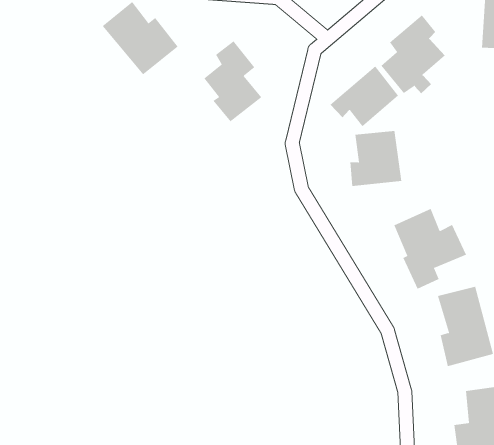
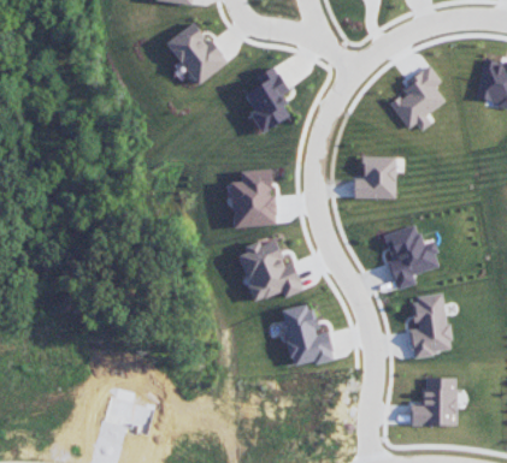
building: [330,65,399,127] -> none
building: none -> [231,170,276,226]
building: none -> [240,241,301,301]
building: none -> [282,304,332,367]

